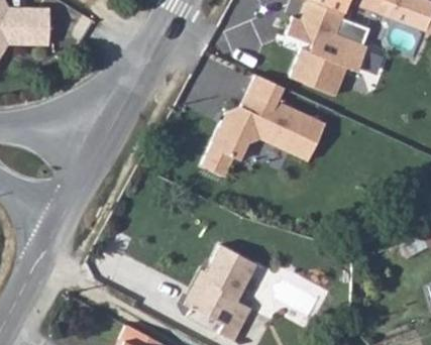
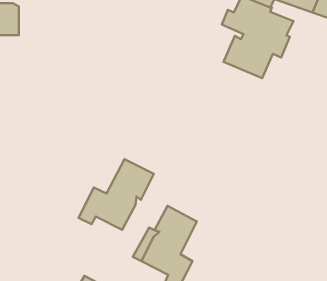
building: [201,74,324,176] -> none
building: none -> [78,159,154,230]

